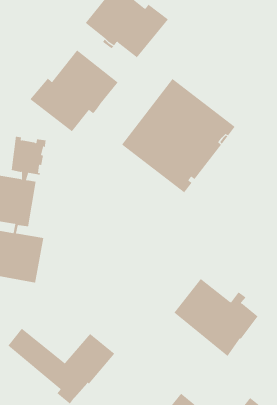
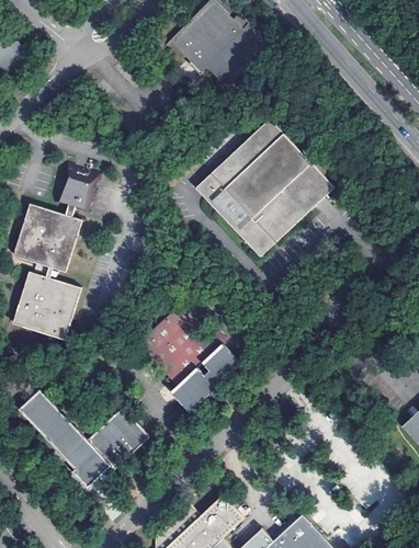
building: [30,49,118,132] -> none
building: [174,278,258,357] -> [139,309,239,407]

